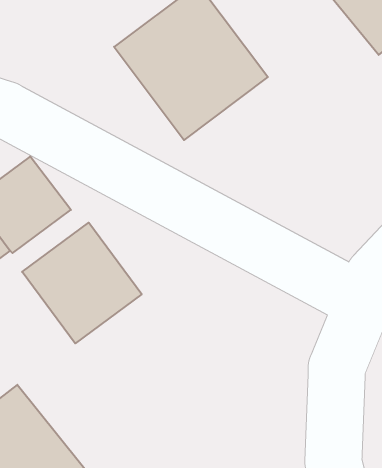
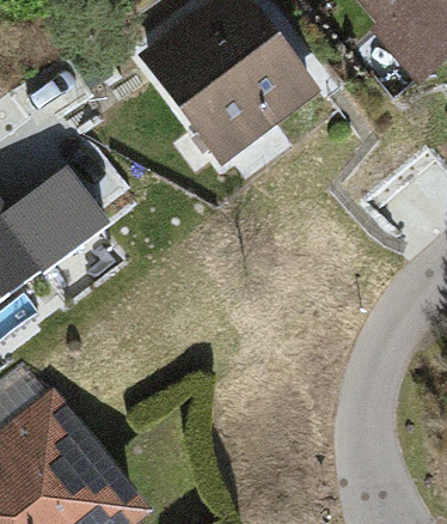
building: [22,223,142,343] -> none

